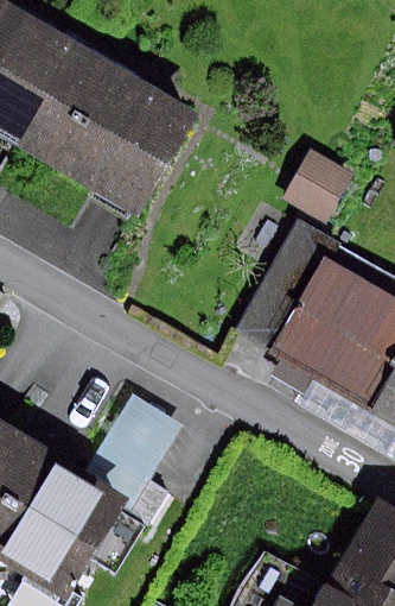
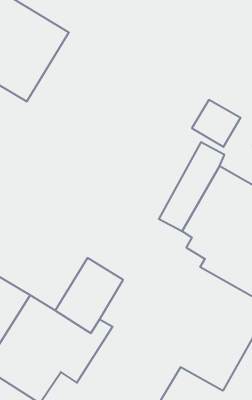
building: [42,59,197,219] -> none

